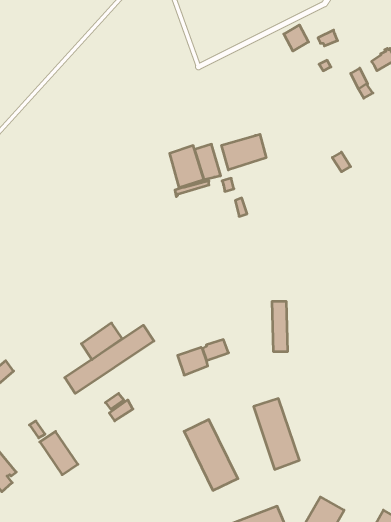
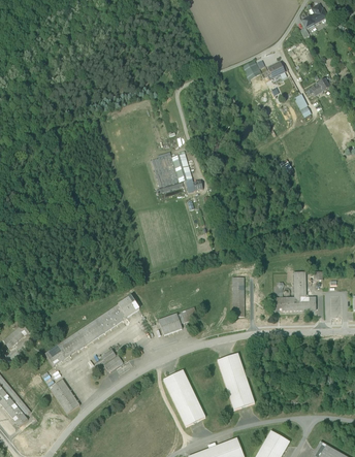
building: [222,134,266,170] -> none
building: none -> [276,272,316,311]
building: [81,323,122,360] -> [45,337,77,366]

